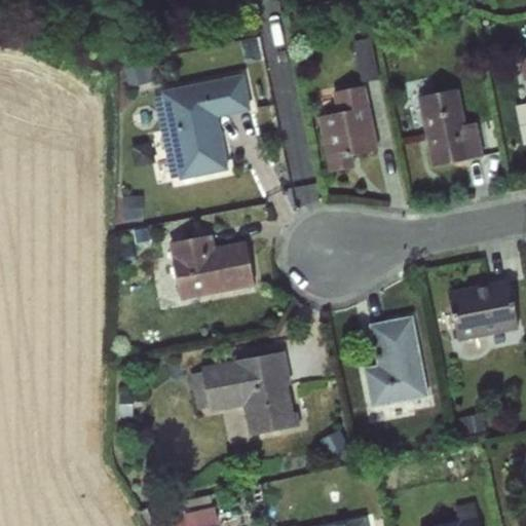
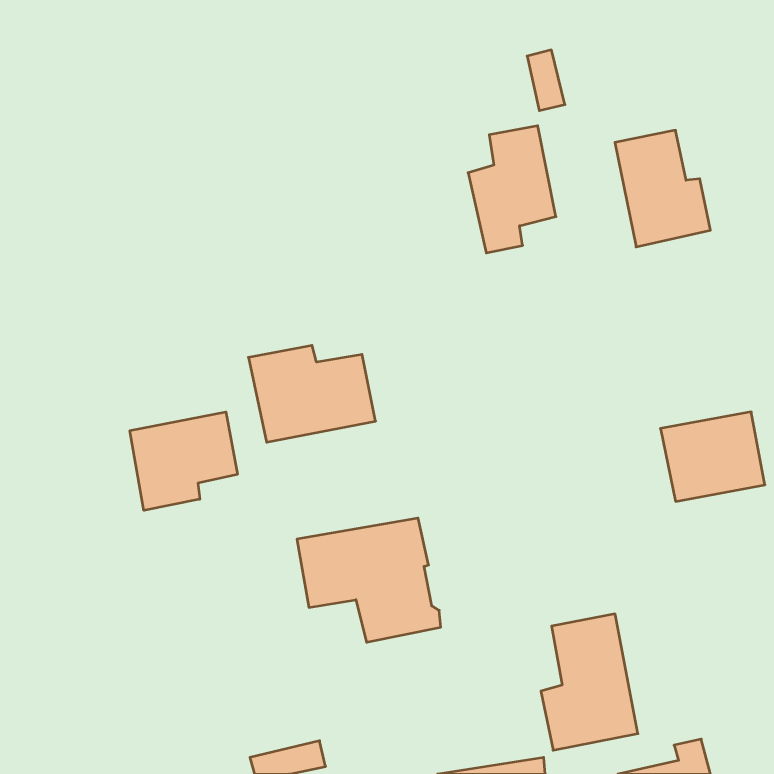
building: [160,74,251,179] -> none
building: none -> [130,412,237,510]
building: [362,315,427,408] -> [541,614,638,750]

